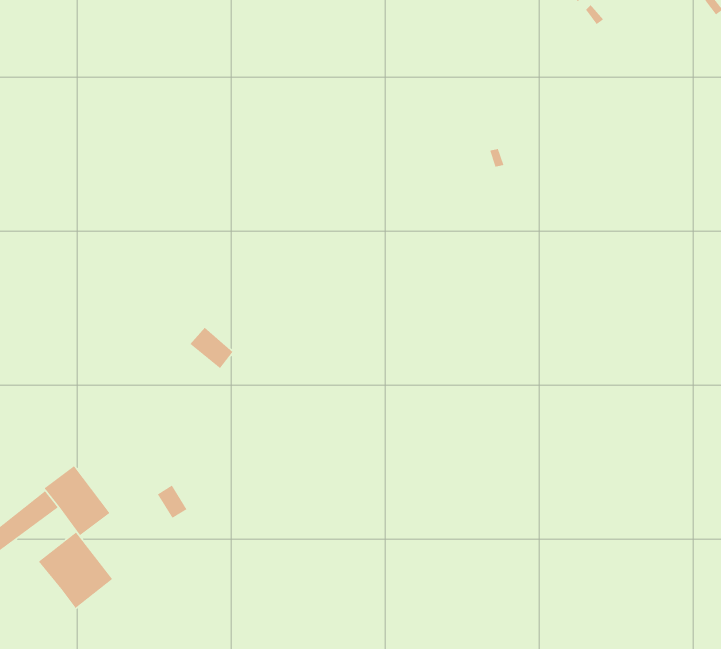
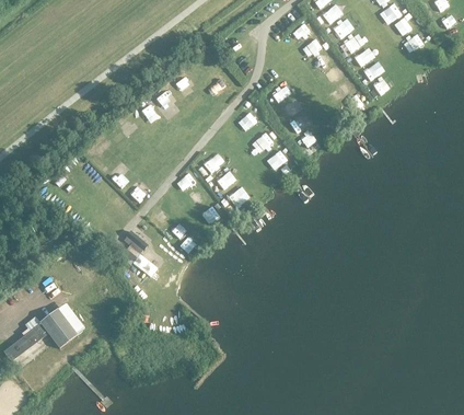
building: [38,531,113,609] -> none

